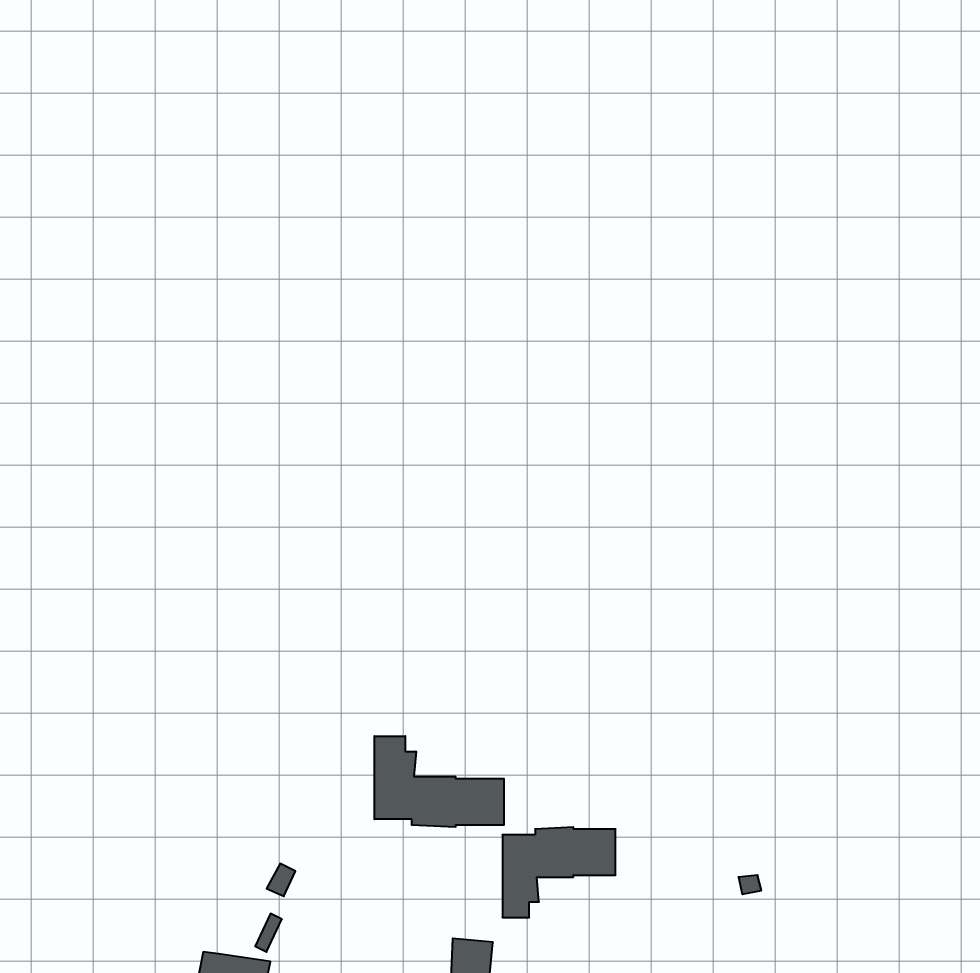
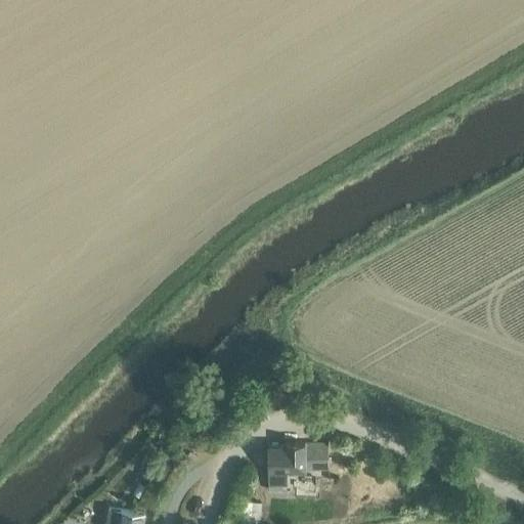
building: [374,736,504,827] -> none

